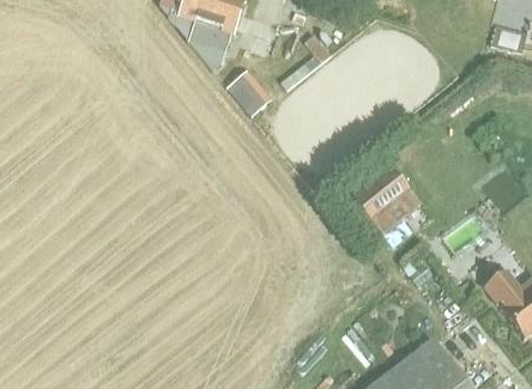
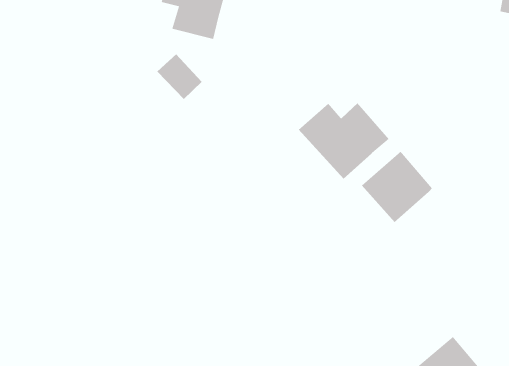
building: [229,69,271,113] -> [156,54,202,100]
building: none -> [298,103,389,180]

